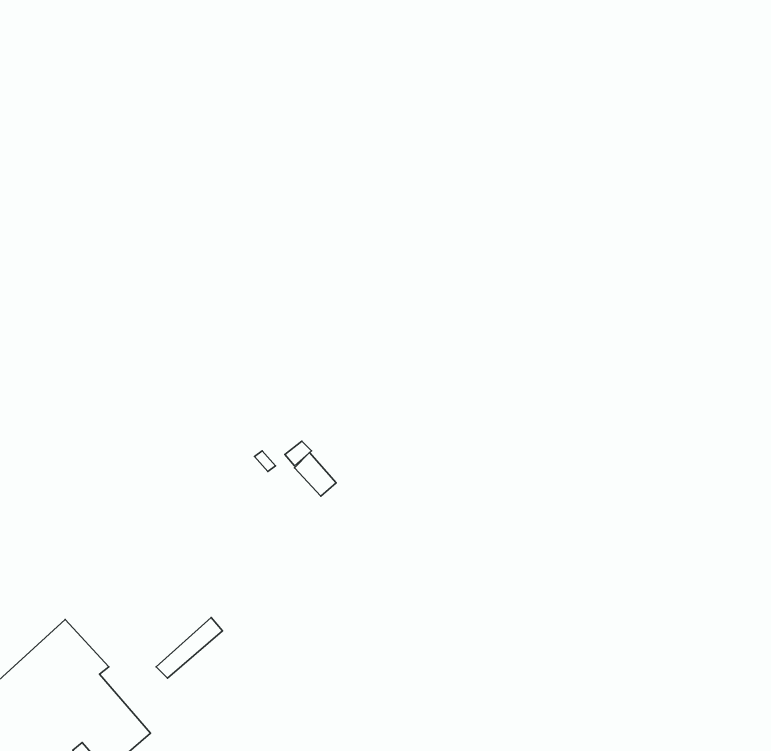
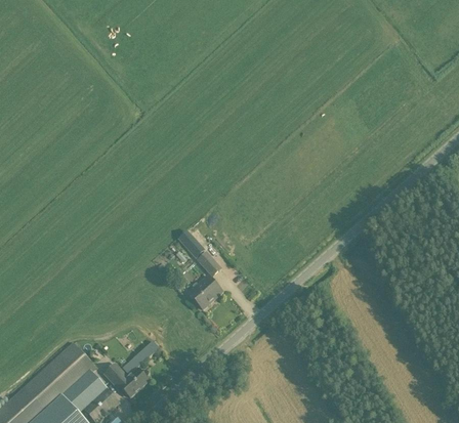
building: none -> [187,274,222,308]
building: none -> [105,364,149,396]

